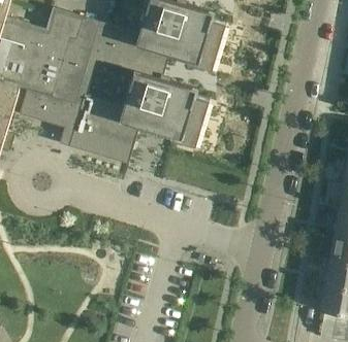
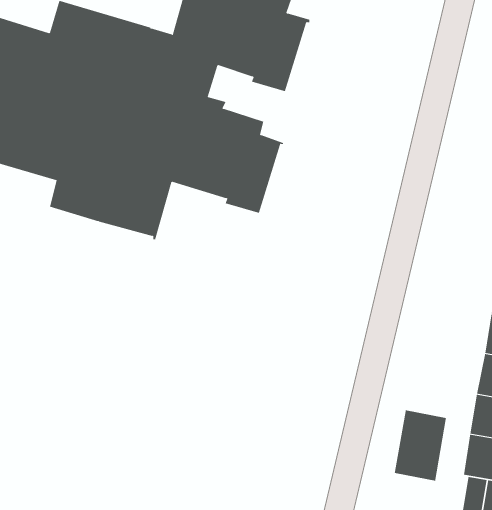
building: none -> [394,410,447,482]

